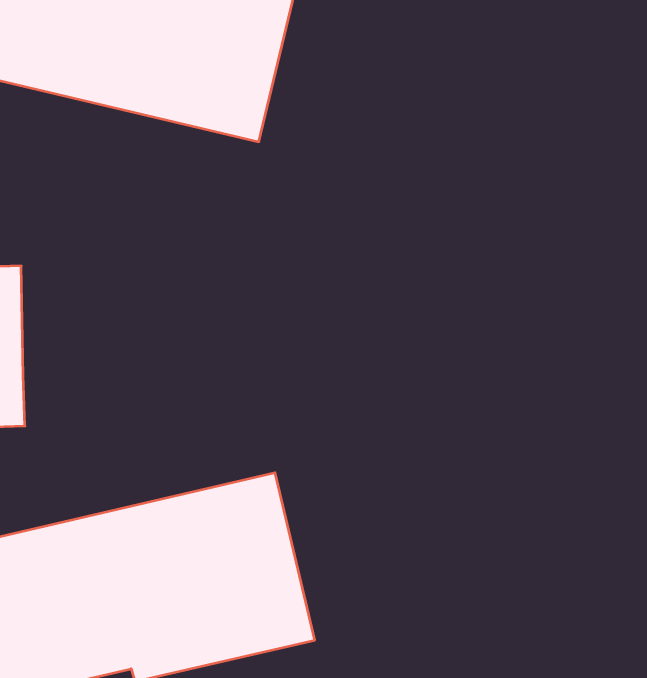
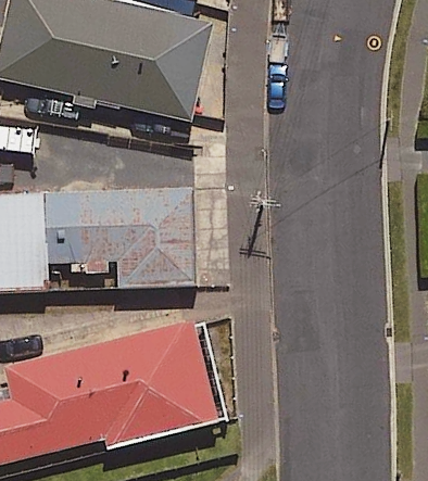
building: none -> [45,189,196,288]

